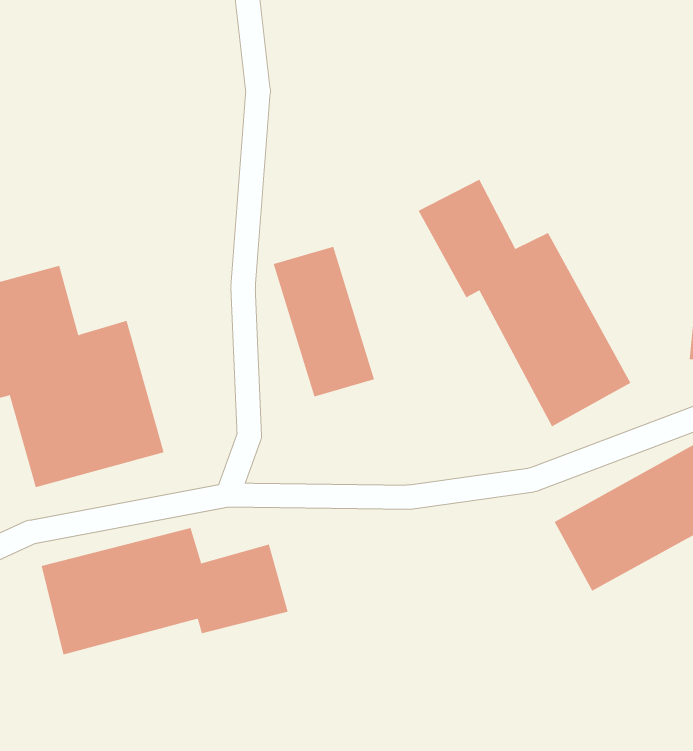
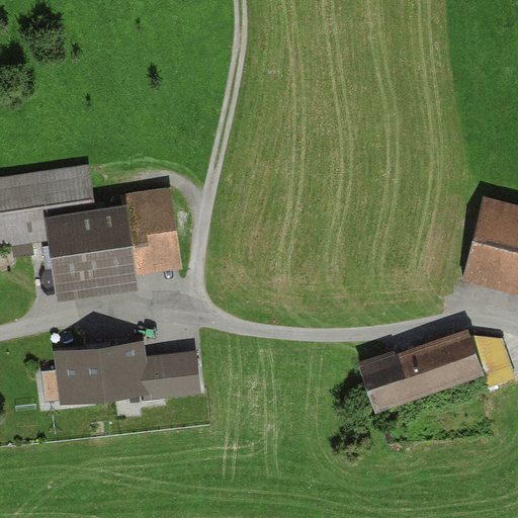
building: [418,179,631,427] -> none
building: [273,246,375,397] -> [132,189,182,278]

